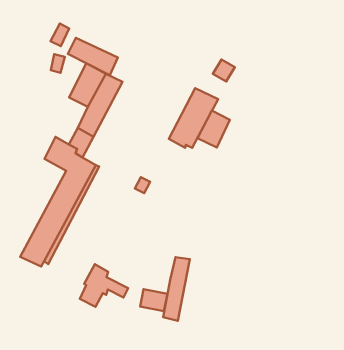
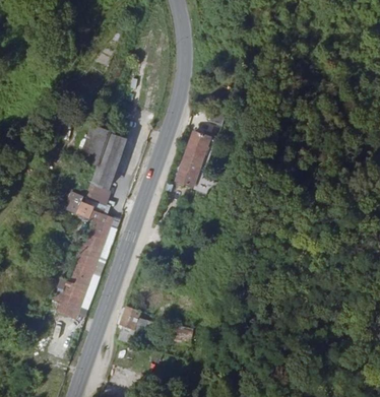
building: [68,38,118,75] -> none
building: [198,111,230,148] -> none
building: [163,257,190,321] -> none

